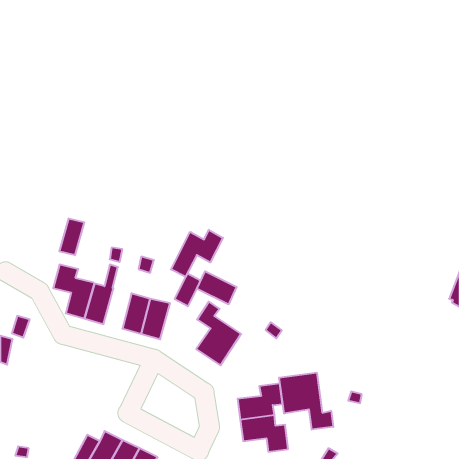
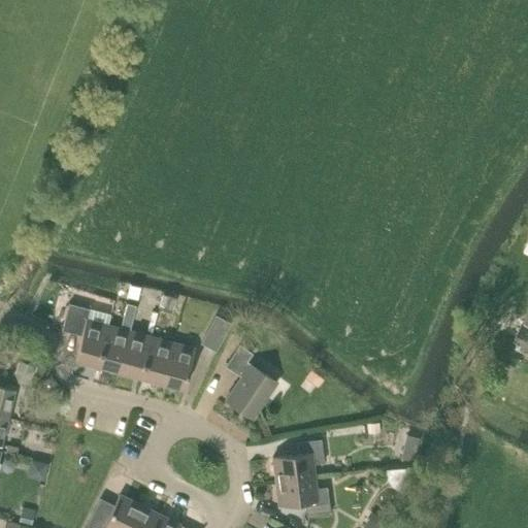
building: [59,218,84,255] -> none
building: [171,230,223,277] -> none
building: [197,271,237,304] -> none
building: none -> [120,331,152,377]
building: [279,373,333,430] -> none

